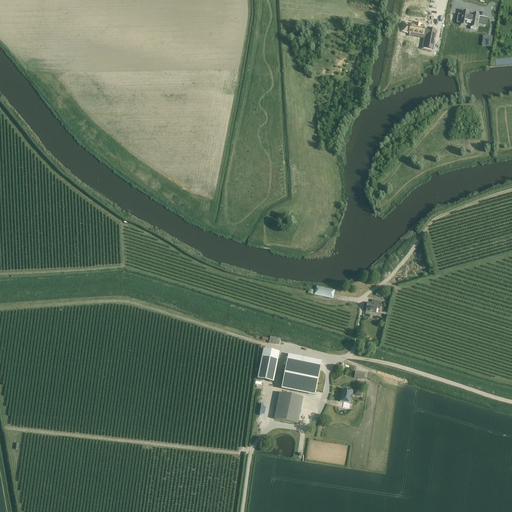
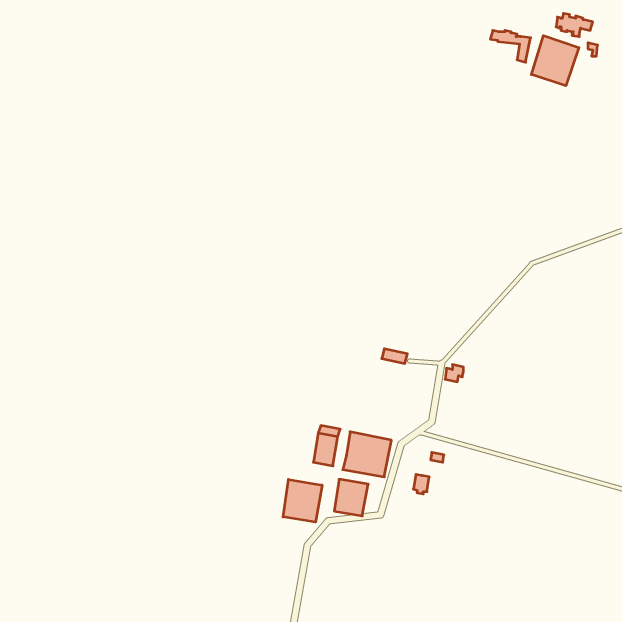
building: none -> [531,36,579,86]
building: none -> [283,479,322,522]

